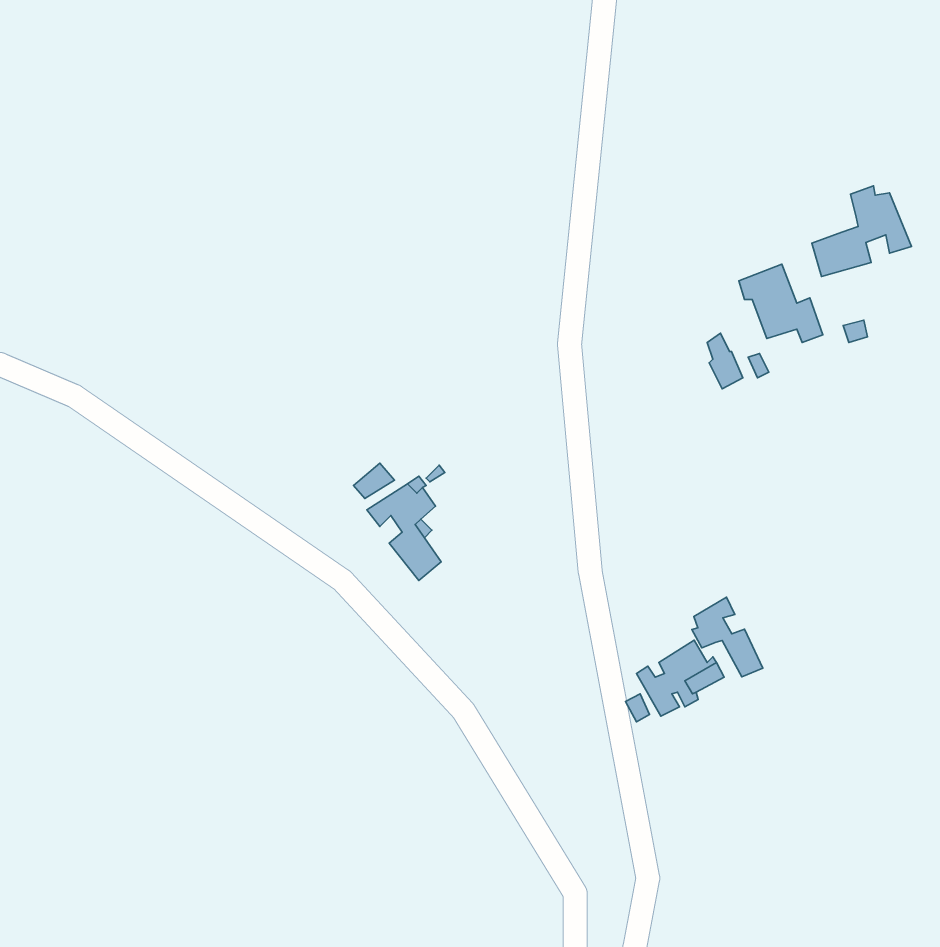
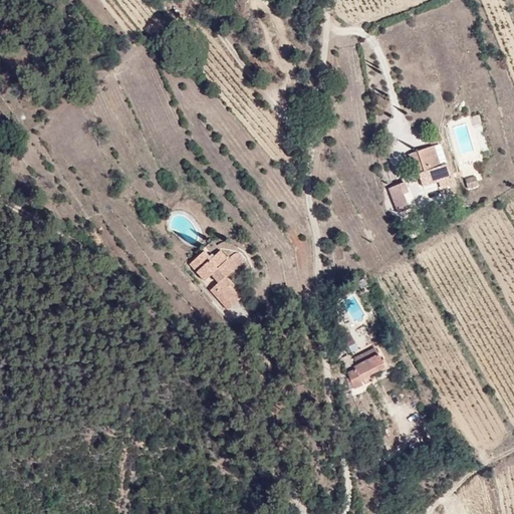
building: [812,186,912,277] -> none
building: [692,597,763,677] -> none

